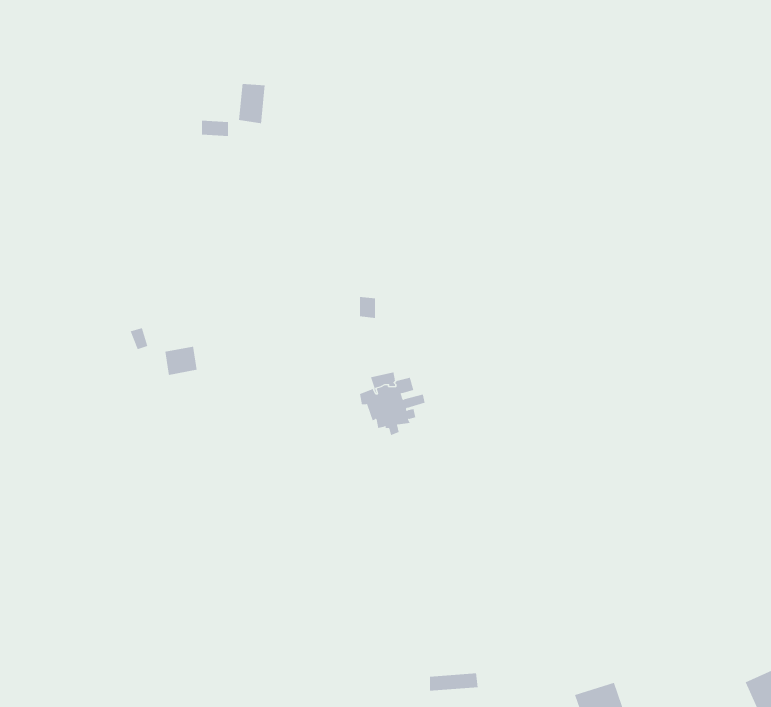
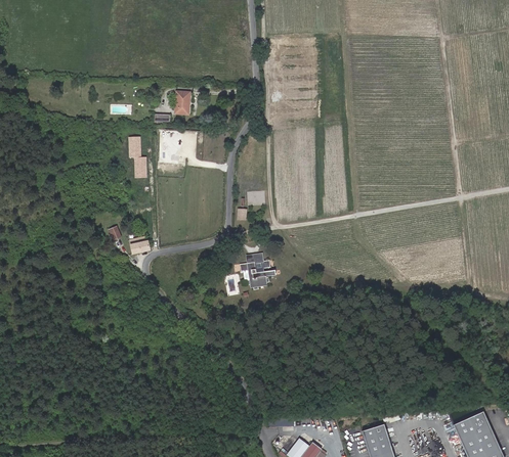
building: none -> [130,138,149,179]

